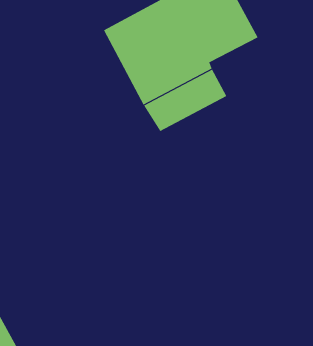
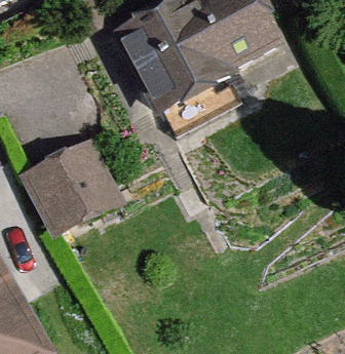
building: none -> [27,146,117,225]

